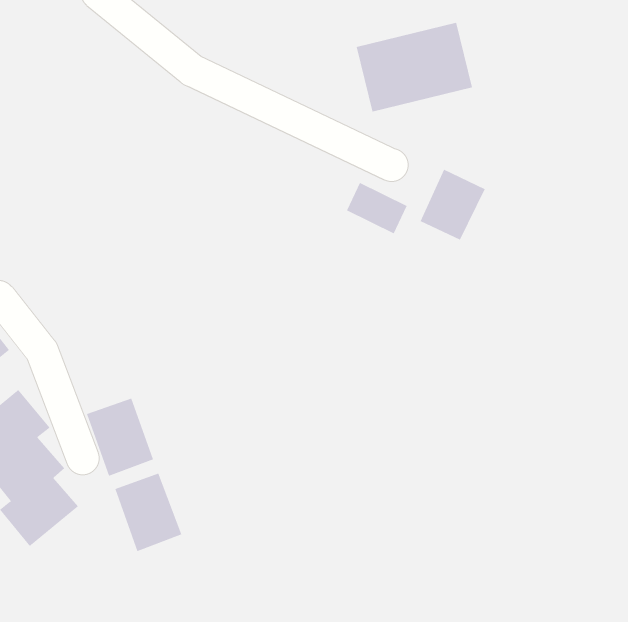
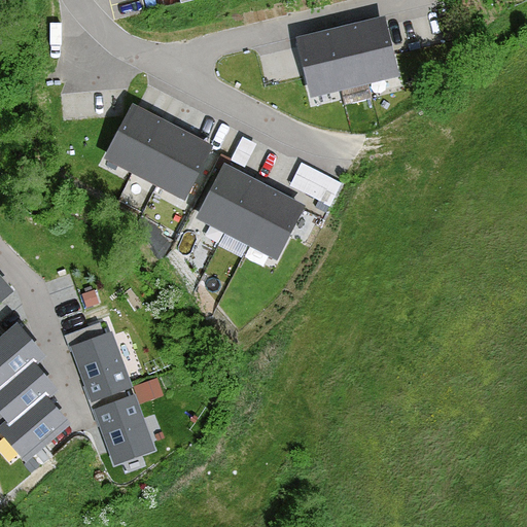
building: none -> [105,107,209,197]
building: [420,169,485,241] -> none
building: none -> [198,167,301,255]

